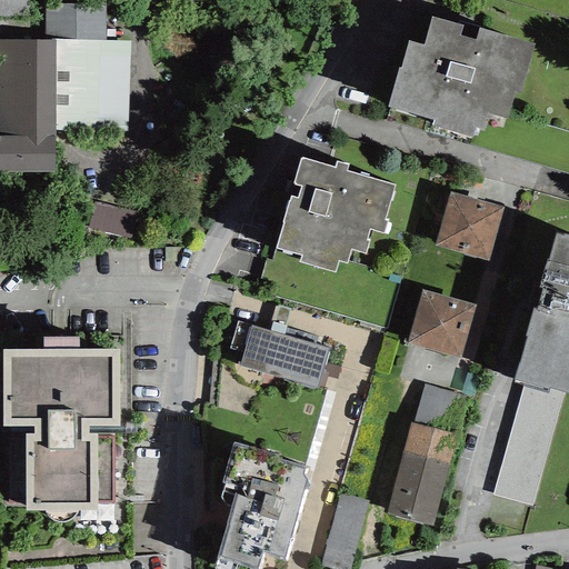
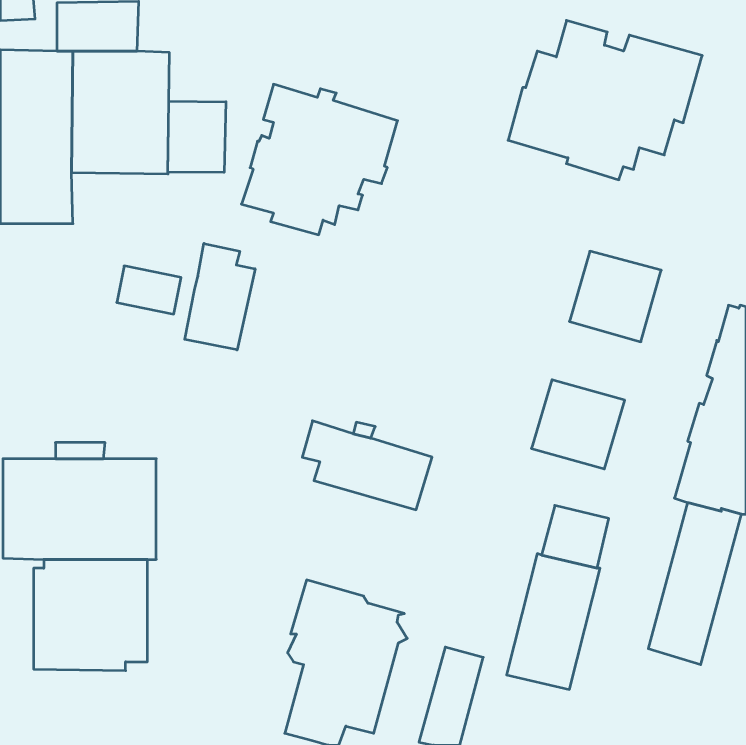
building: none -> [168,101,226,172]
building: [276,157,395,271] -> [241,84,398,235]
building: none -> [185,243,255,350]

